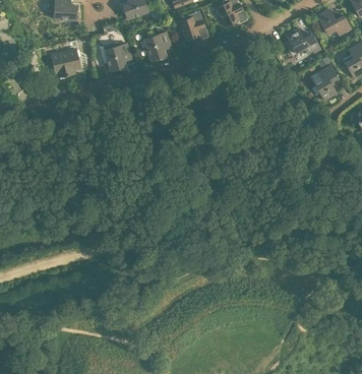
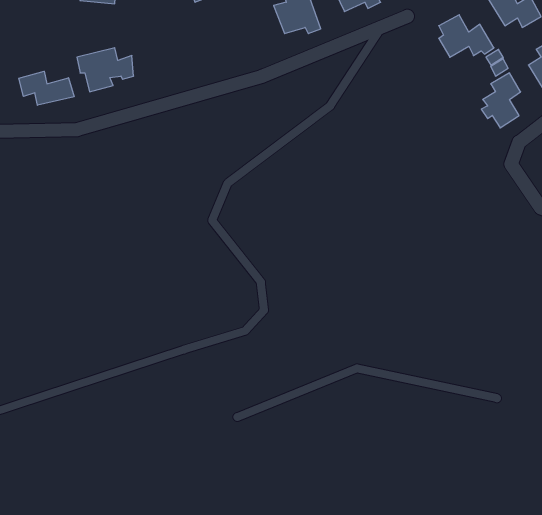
building: [143,32,171,60] -> none
building: [103,42,131,72] -> none
building: none -> [19,71,74,105]

